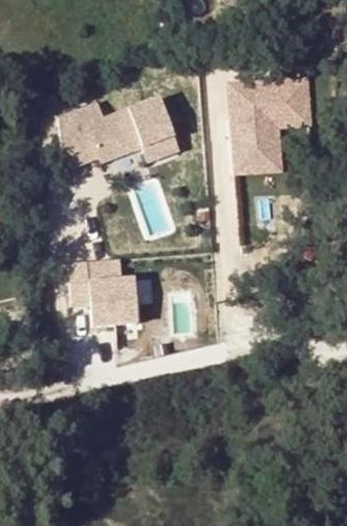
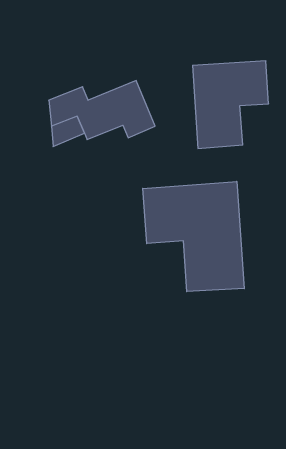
building: none -> [143,181,244,292]
building: [69,258,138,325] -> none

